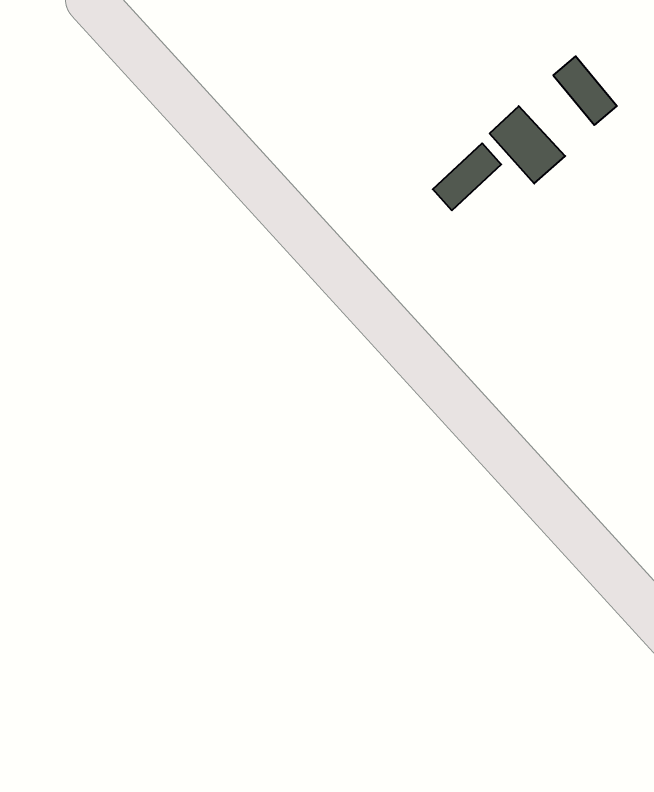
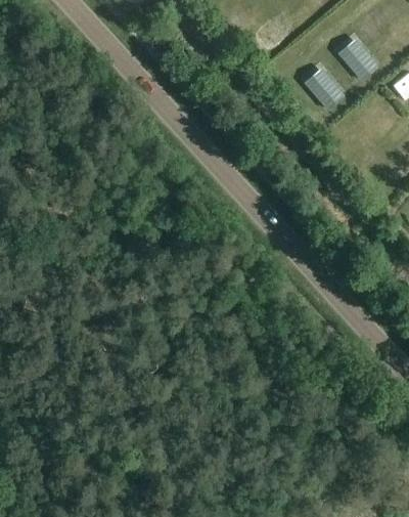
building: [433,143,501,210] -> none

